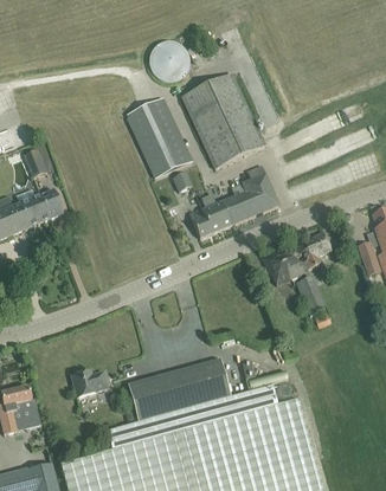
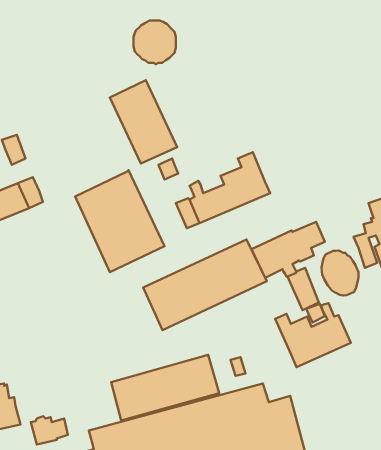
building: [181,72,266,169] -> [75,170,165,272]
building: none -> [143,240,267,330]
building: none -> [321,250,359,296]
building: none -> [275,303,351,367]
building: [71,369,107,396] -> [31,416,68,445]

